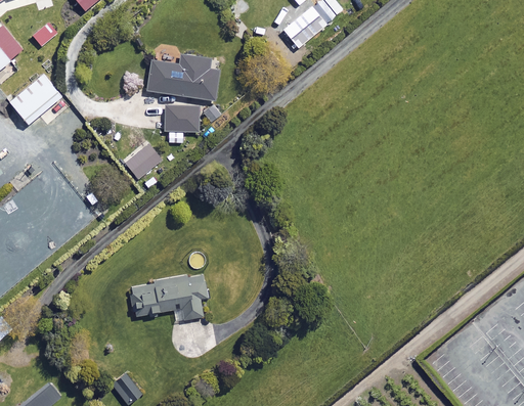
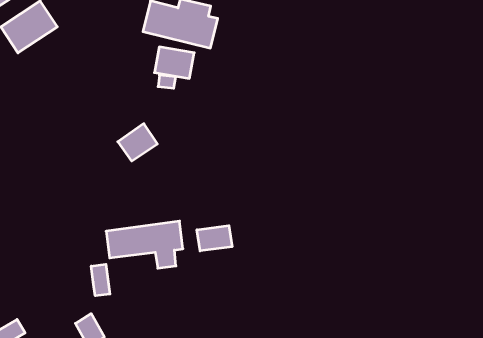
building: [124,141,163,179] -> [118,124,157,161]
building: none -> [197,226,232,251]
building: none -> [91,264,110,296]

